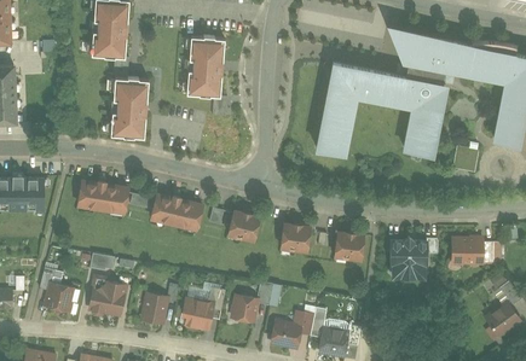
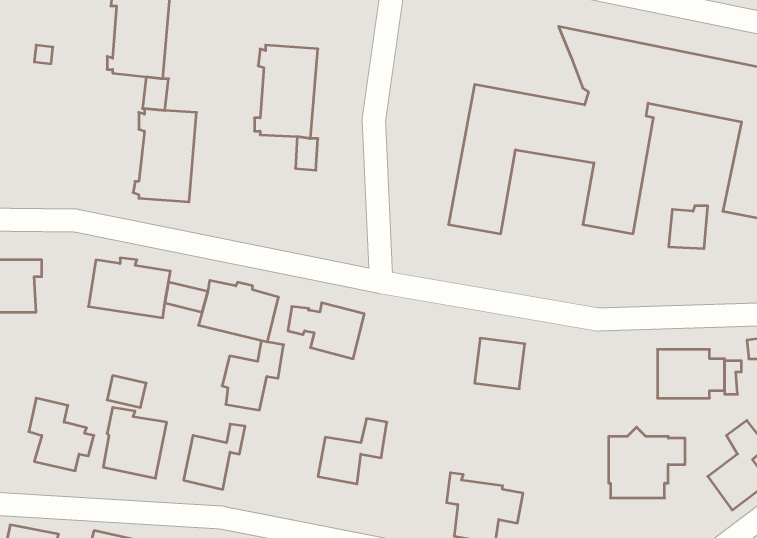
building: [274,219,307,251] -> none
building: [386,231,435,276] -> [609,427,685,498]
building: [181,285,221,330] -> [222,341,284,410]
building: [265,304,314,349] -> none

